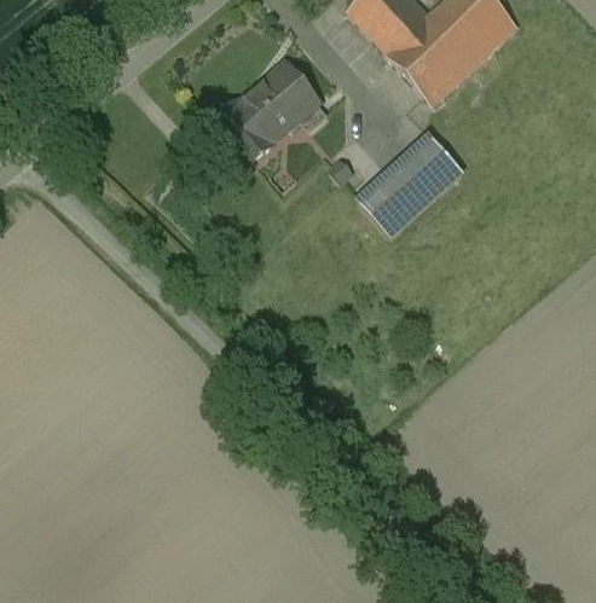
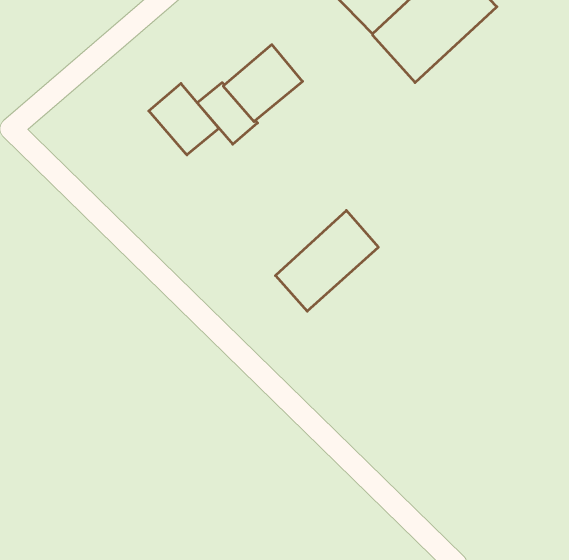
building: none -> [149,83,219,155]
building: [358,132,463,234] -> [275,210,378,311]

